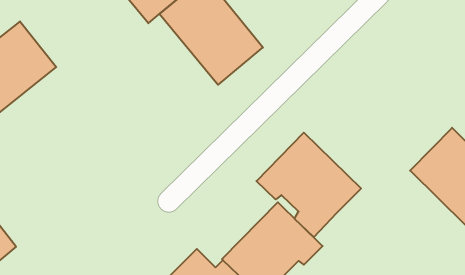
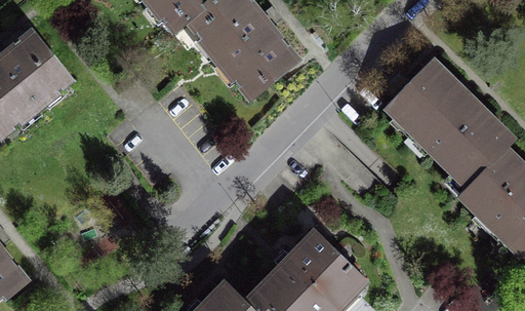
building: none -> [388,60,508,195]
building: [256,133,361,237] -> none

